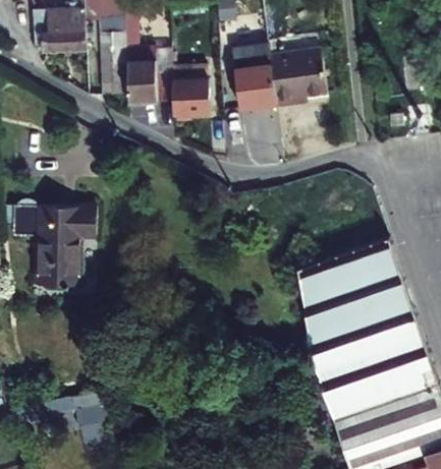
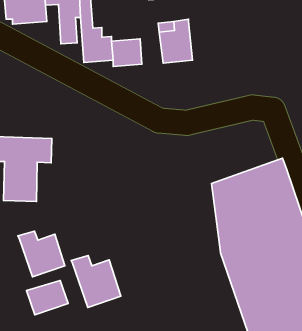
building: [266,53,322,109] -> none
building: none -> [18,231,65,277]
building: none -> [71,256,121,307]

